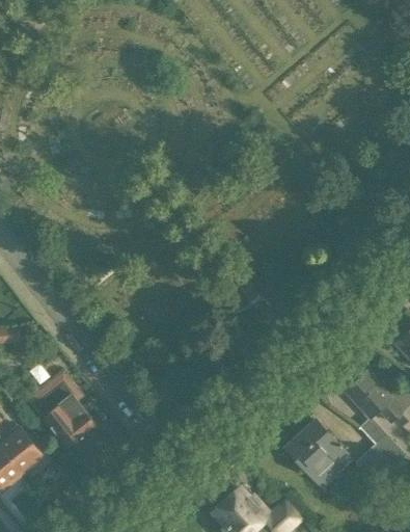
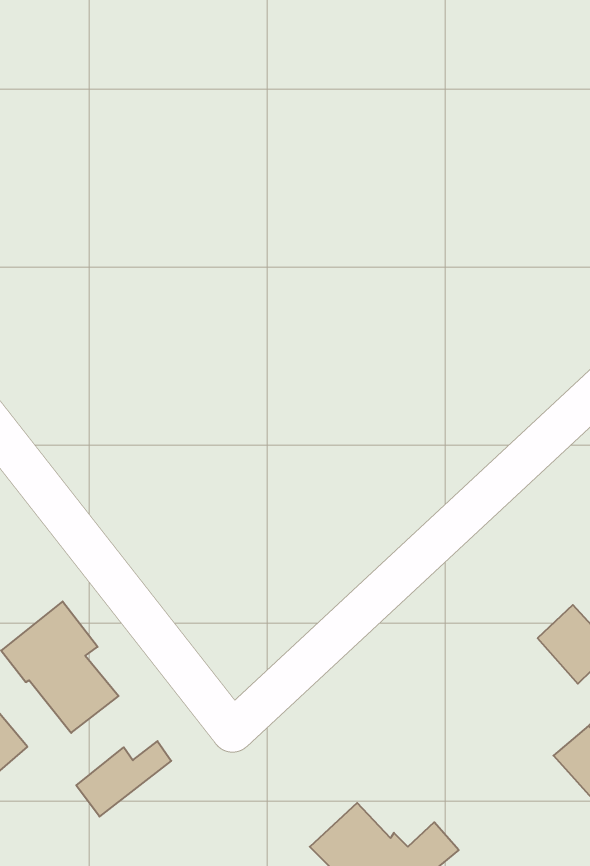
building: [284,422,348,488] -> none
building: none -> [76,741,171,817]

